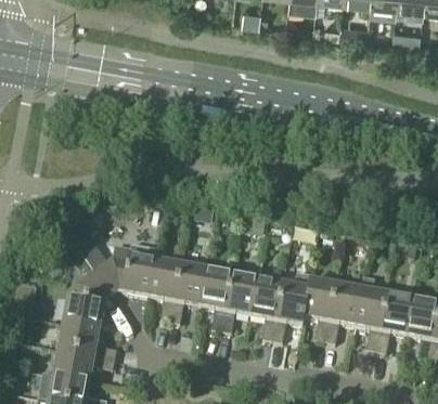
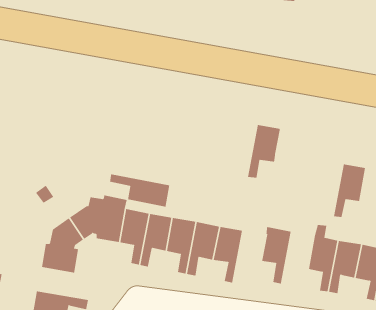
building: none -> [110,174,170,208]
building: [272,283,309,341] -> [247,125,281,178]
building: [325,284,361,342] -> [333,164,366,217]
building: [57,323,117,359] -> none

